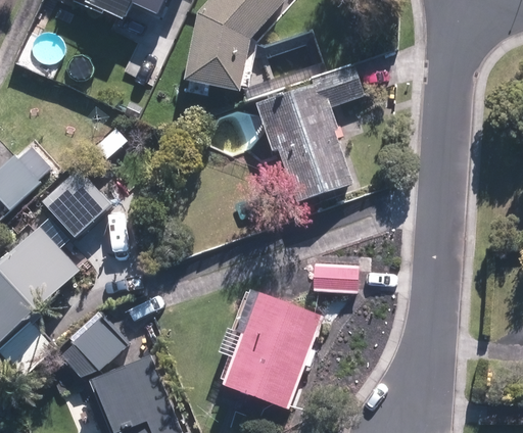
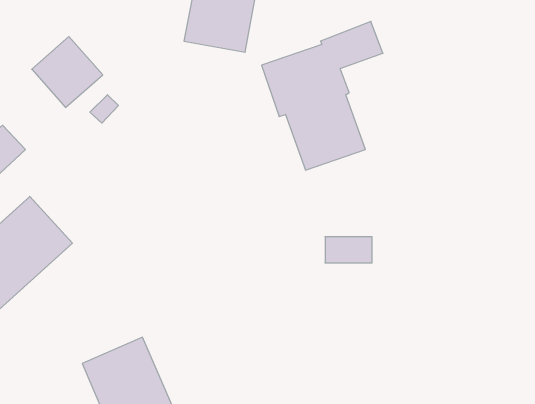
building: [37,173,103,239] -> [32,37,103,108]
building: [226,293,324,408] -> none
building: [60,316,127,377] -> none

